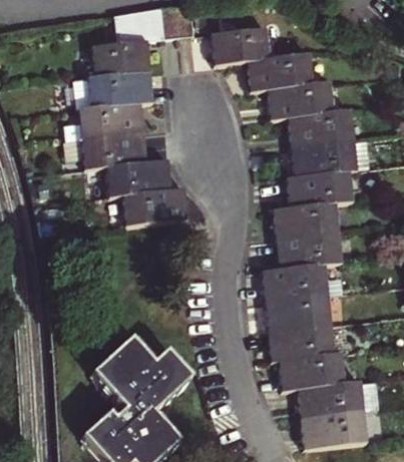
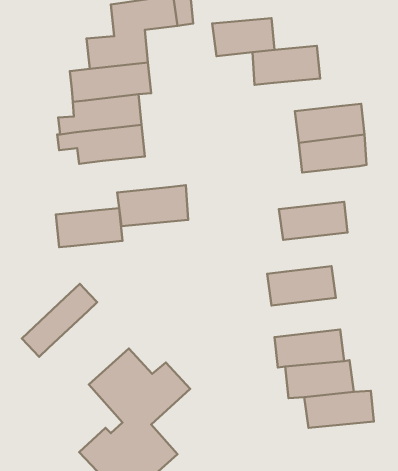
building: [269,82,334,117] -> none
building: [106,156,169,193] -> [56,208,122,247]
building: [288,167,353,206] -> none
building: [278,230,342,268] -> none
building: none -> [22,284,97,357]
building: [267,293,332,330] -> none
building: [302,410,367,446] -> none

